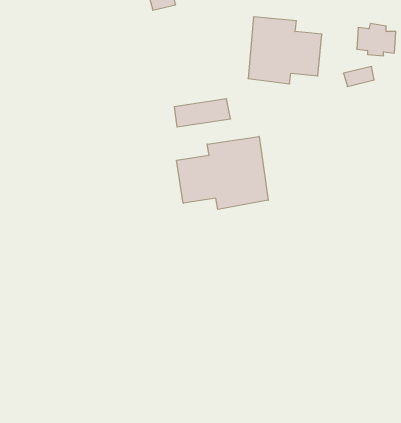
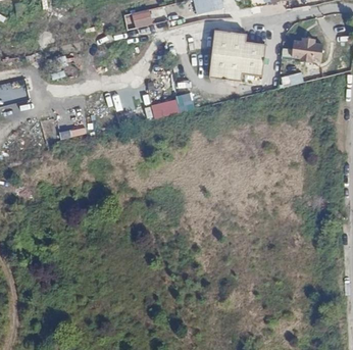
building: [177,136,268,209] -> none

